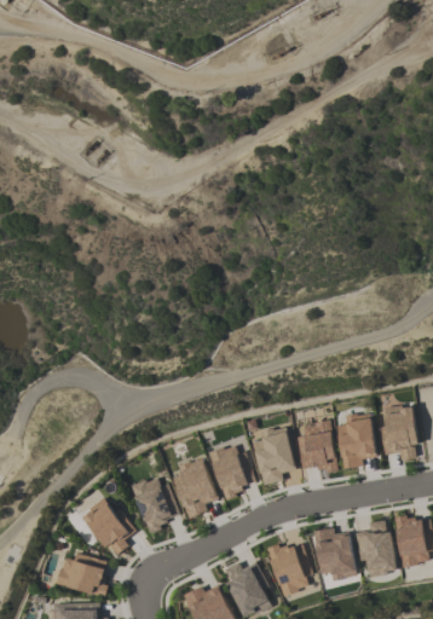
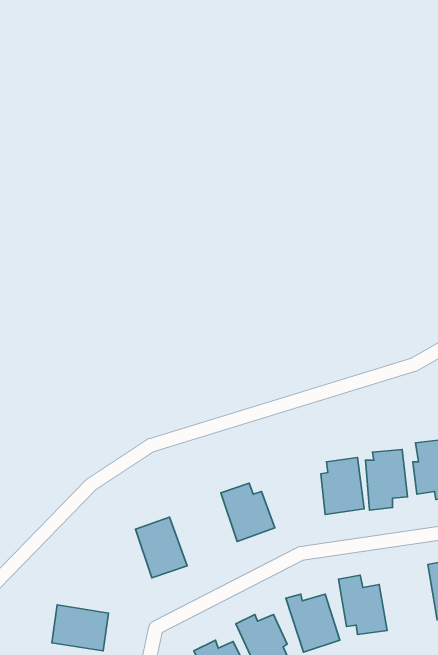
building: [254,429,294,485] -> none
building: [175,462,218,519] -> none
building: [83,502,135,557] -> none
building: [356,521,396,575] -> none

